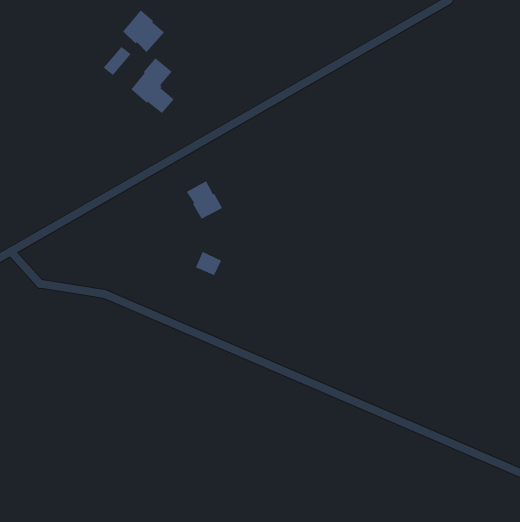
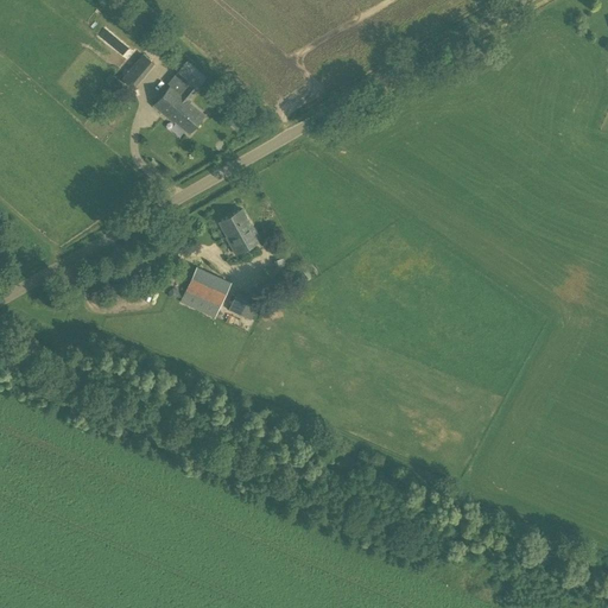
building: [122,10,165,53] -> none
building: none -> [179,266,230,318]

